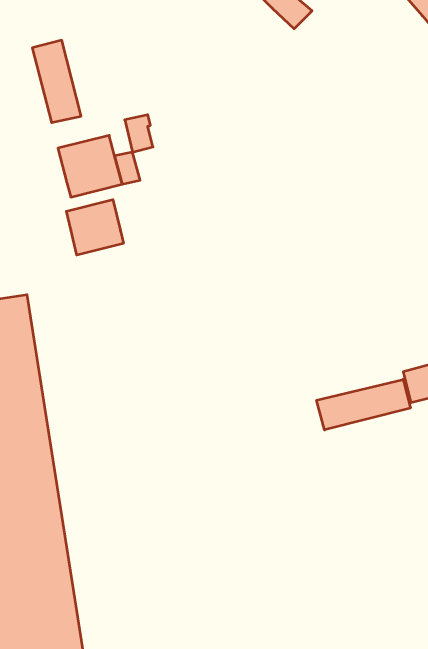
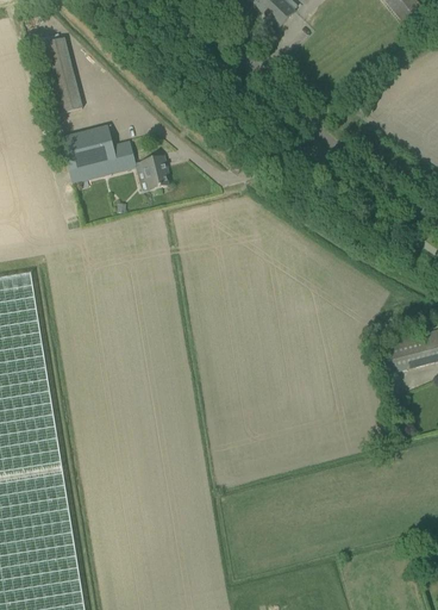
building: [125,115,153,152] -> [142,156,168,191]
building: [66,200,123,255] -> none
building: [317,379,410,430] -> none

